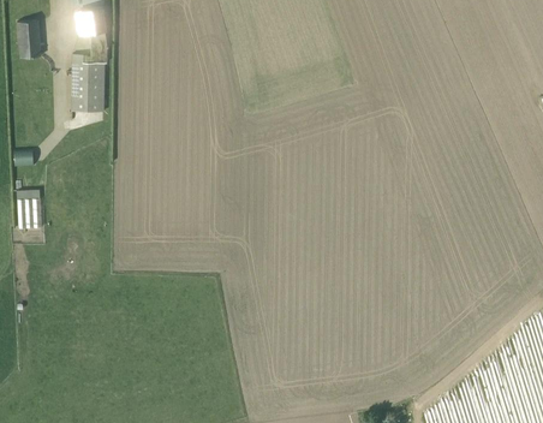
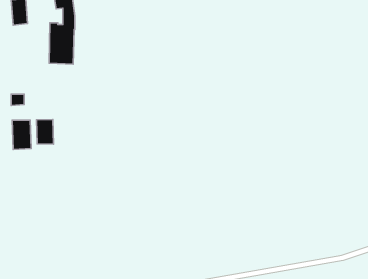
building: none -> [37,119,54,144]

